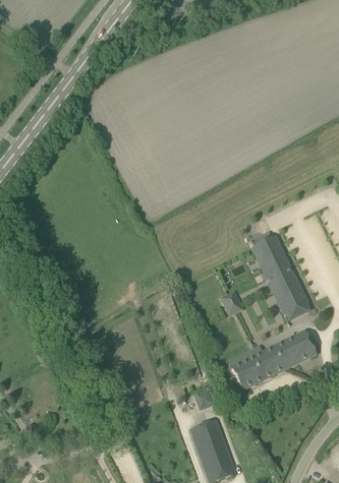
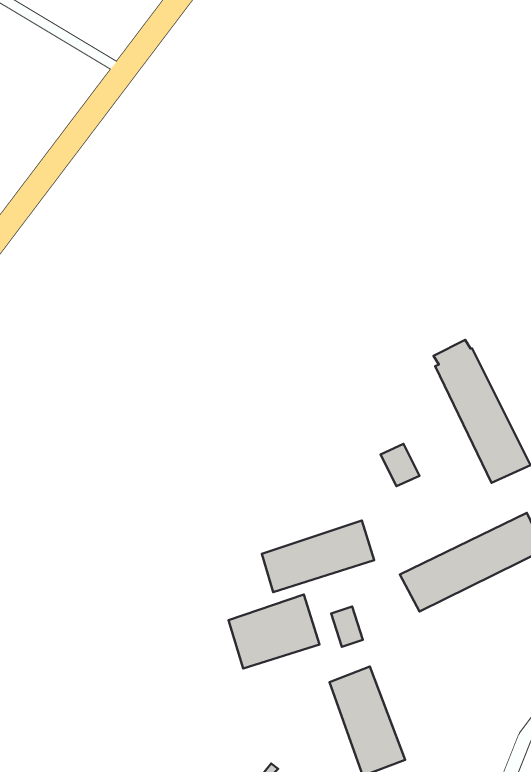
building: none -> [262,521,374,592]
building: none -> [228,594,320,669]

